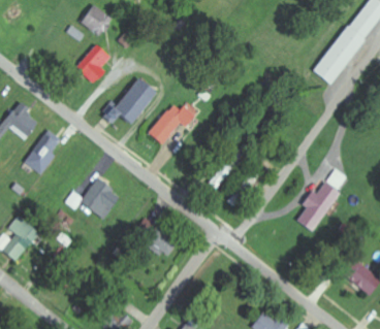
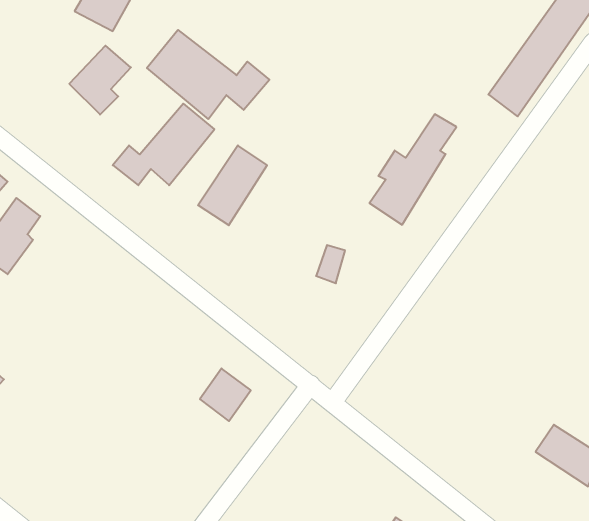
building: none -> [147,30,269,119]
building: [295,169,345,232] -> [369,114,456,225]
building: [80,177,121,219] -> none

